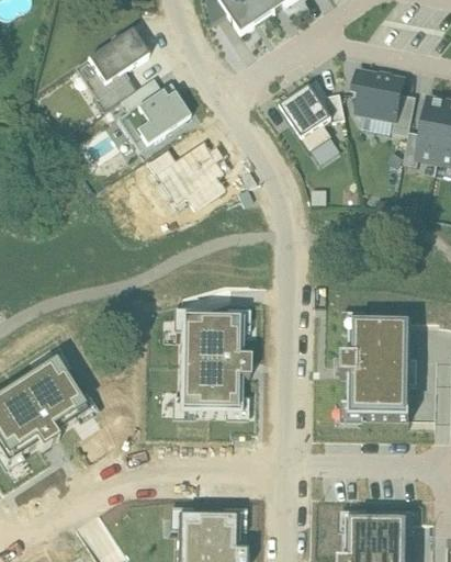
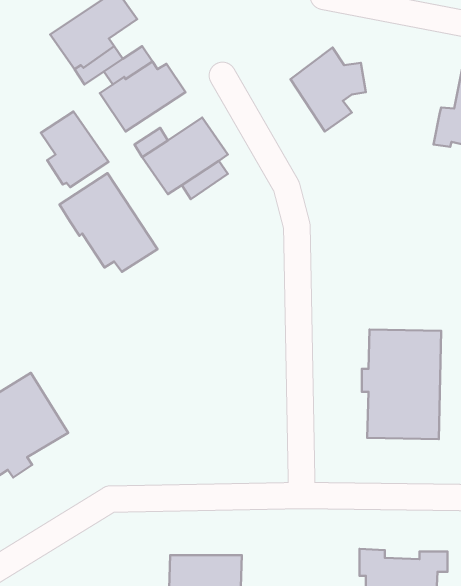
building: [353,69,416,134] -> none
building: none -> [41,111,109,187]
building: none -> [59,173,158,272]
building: [179,315,249,412] -> none

